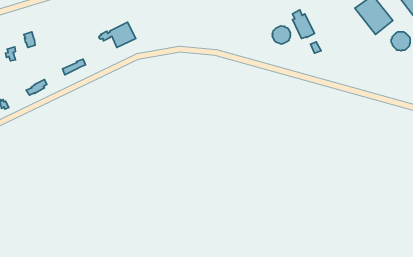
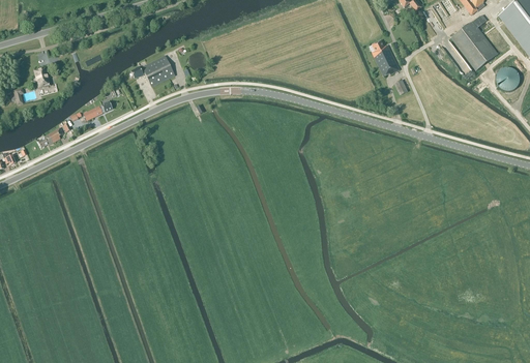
building: [272,26,291,44] -> none

